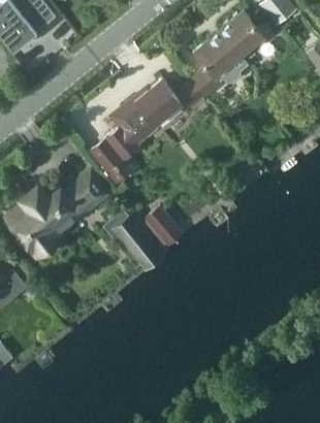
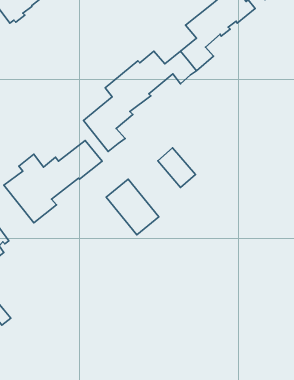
building: [143,205,183,247] -> [158,148,195,187]

